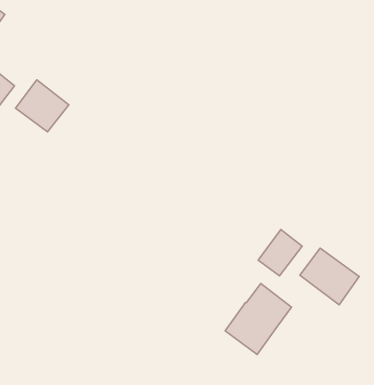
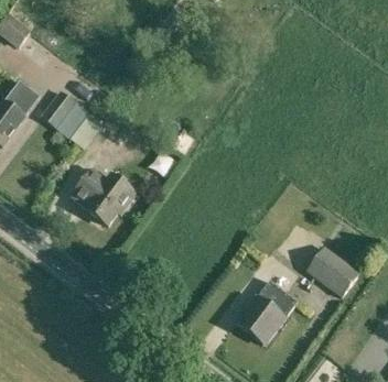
building: none -> [72,168,137,227]
building: [258,229,302,276] -> none

